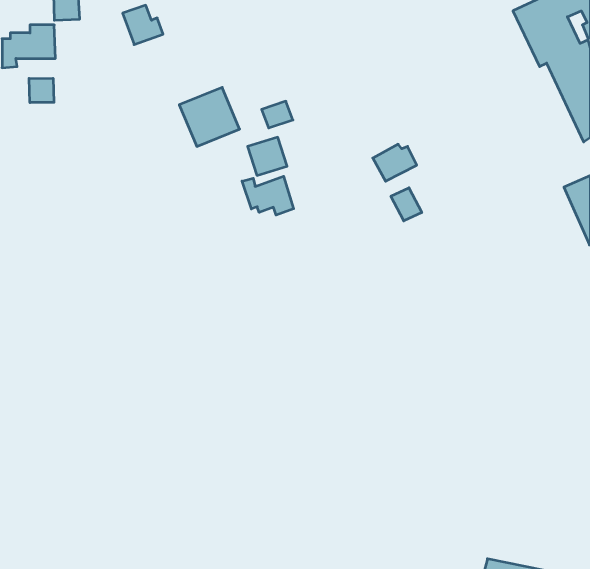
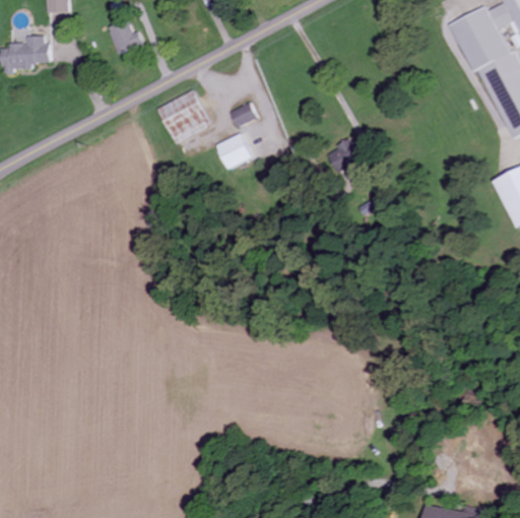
building: [29,78,54,103] -> none
building: [242,176,294,215] -> none
building: [391,188,422,221] -> none

